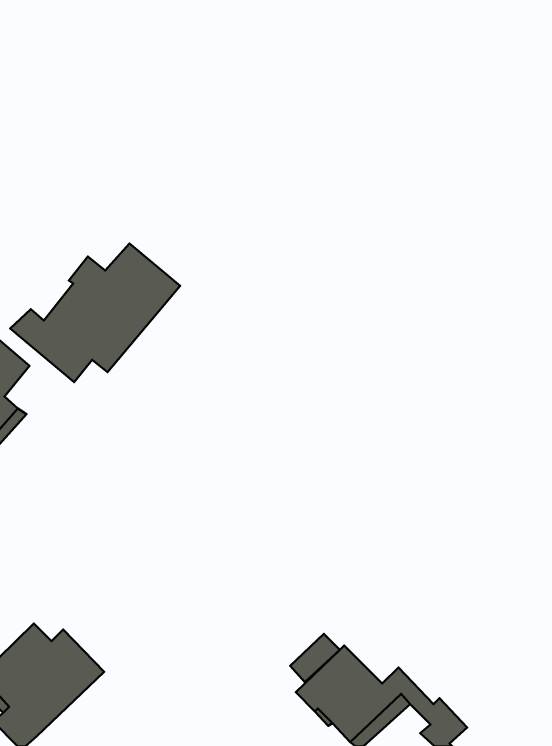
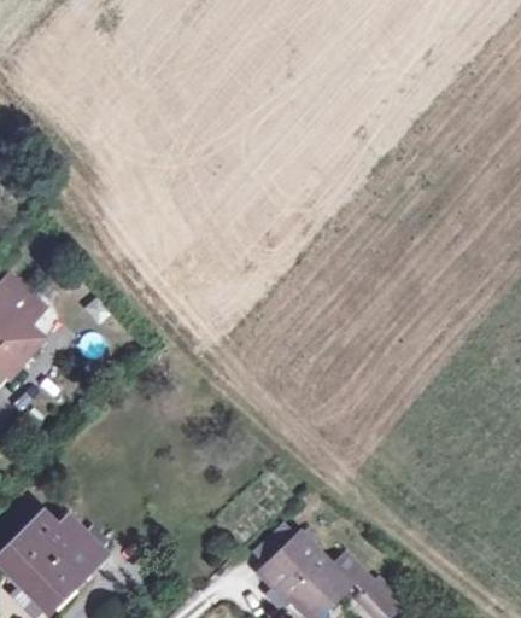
building: [10,243,180,382] -> none

